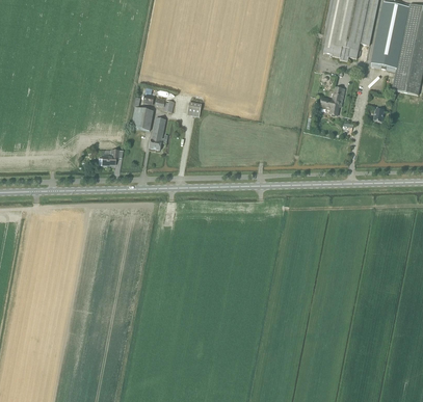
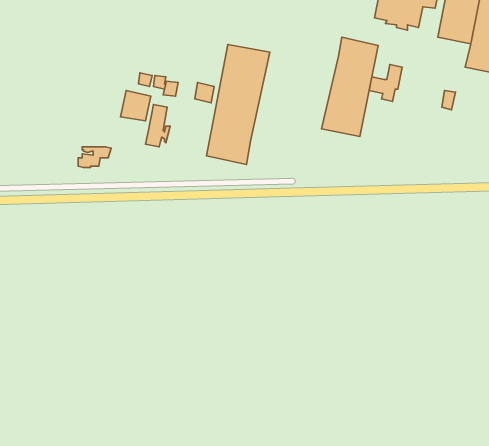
building: none -> [322,37,378,137]
building: none -> [207,44,270,164]

